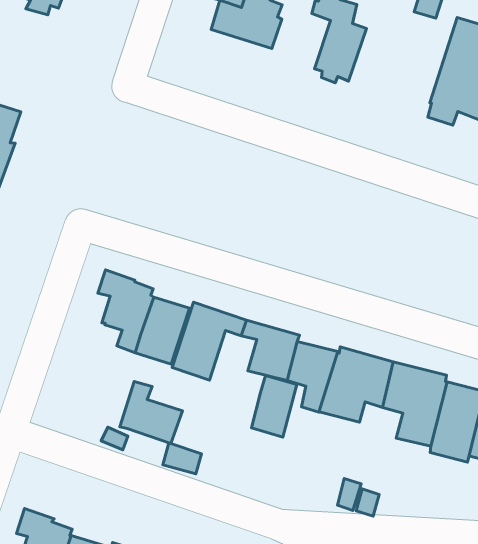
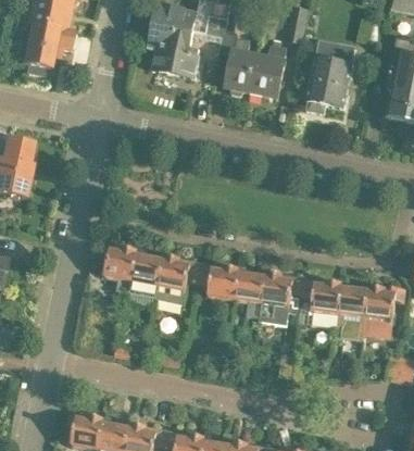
building: none -> [249,43,285,98]
building: [251,375,297,437] -> none
building: [120,381,183,444] -> none

